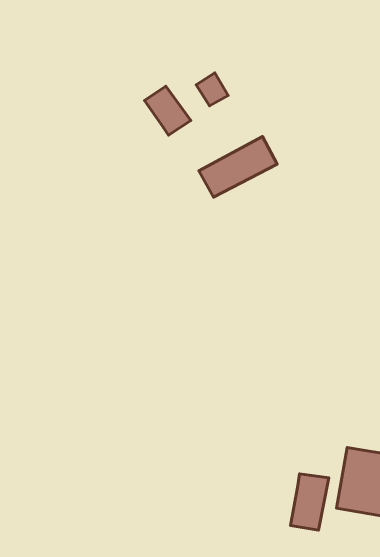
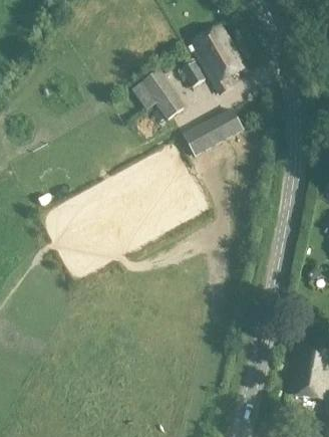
building: none -> [190,25,244,92]
building: [291,474,329,530] -> none

